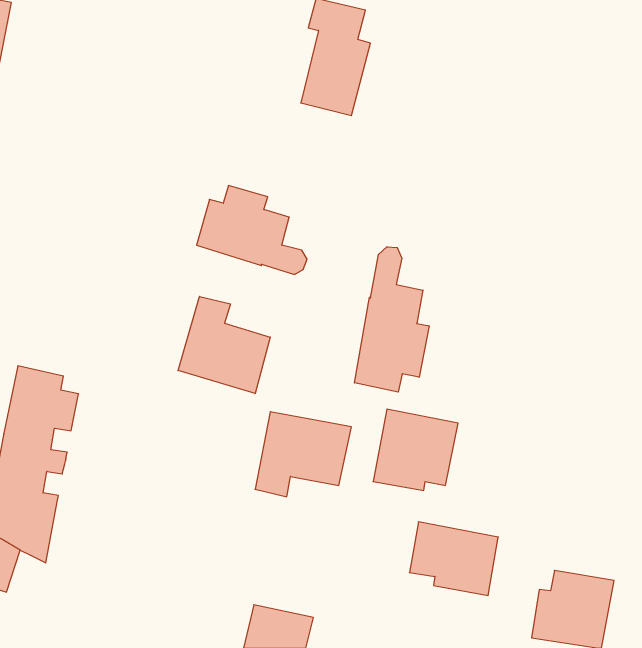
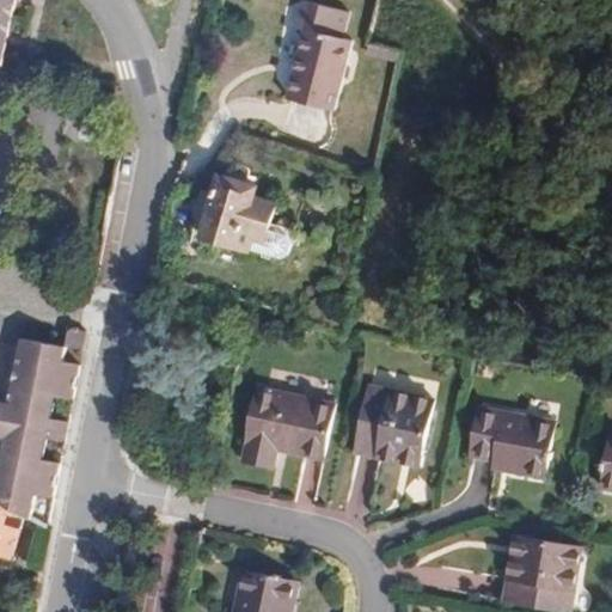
building: [354,247,429,392] -> none
building: [178,296,270,394] -> none
building: [409,522,498,596] -> [467,408,551,477]

